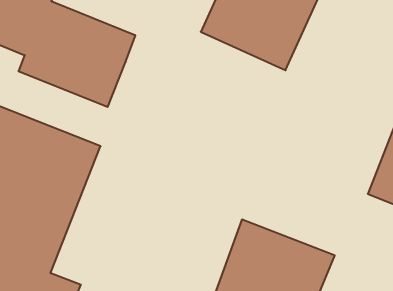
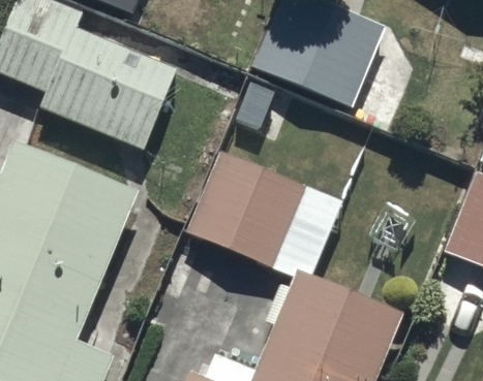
building: none -> [191,157,348,293]

